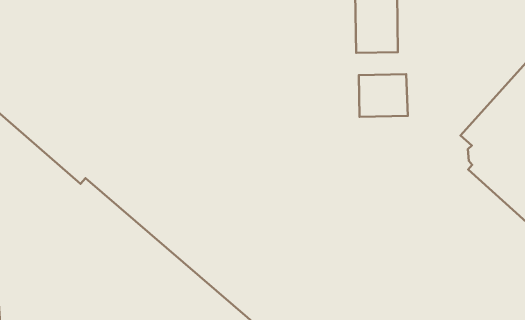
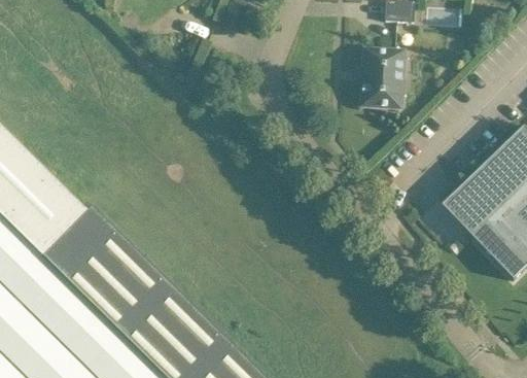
building: [359,74,408,117] -> none

